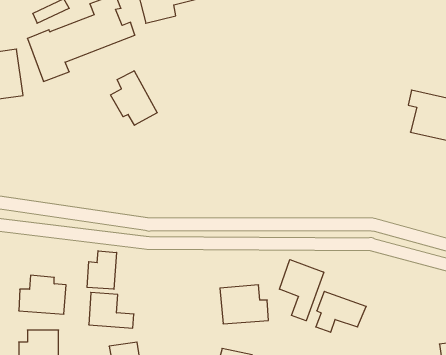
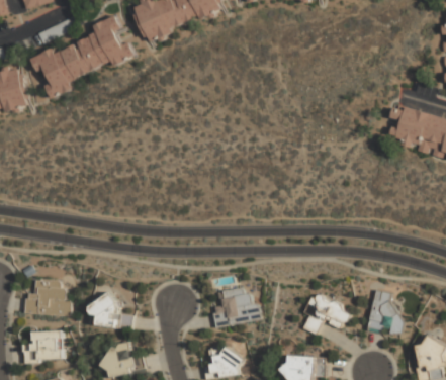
building: [111,71,157,125] -> none
building: [87,251,117,289] -> none
building: [279,260,324,321] -> none
building: none -> [370,290,399,330]

